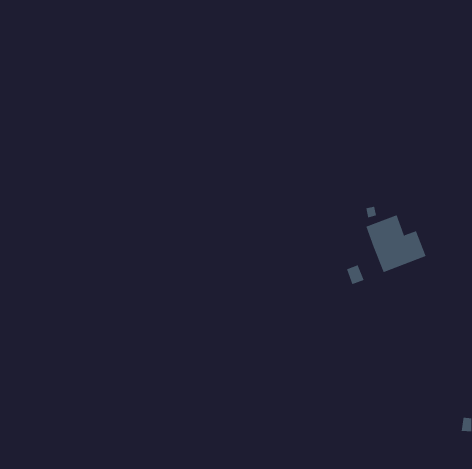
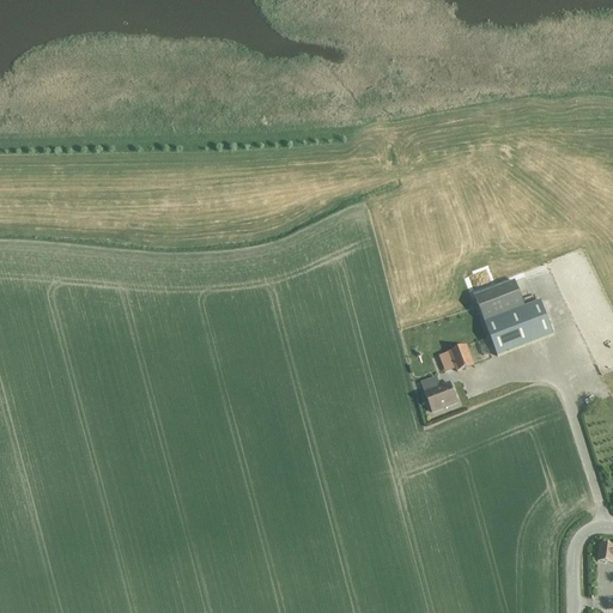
building: none -> [423,380,456,409]

